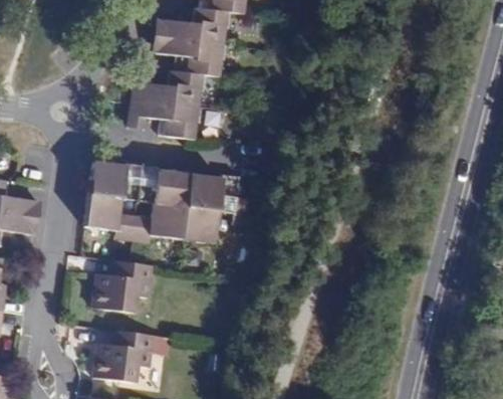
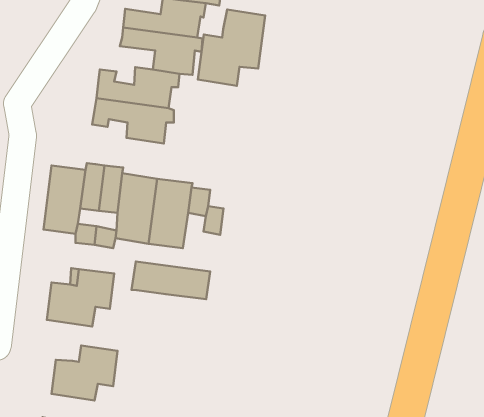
building: none -> [198,9,265,86]
building: none -> [132,262,210,299]

